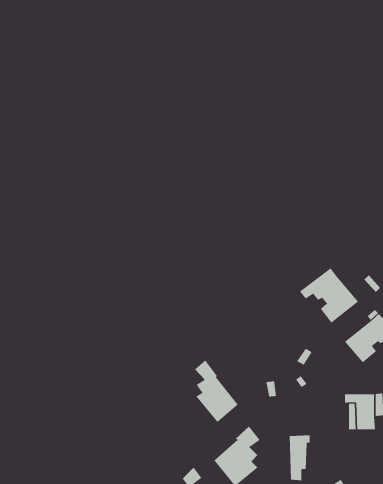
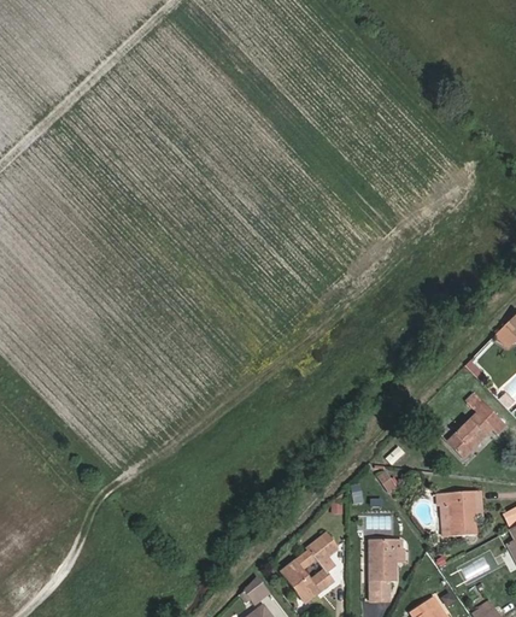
building: [299,267,359,323] -> none
building: [194,359,238,423] -> none

